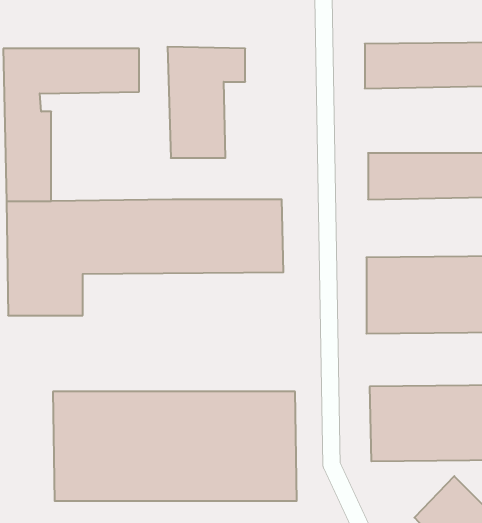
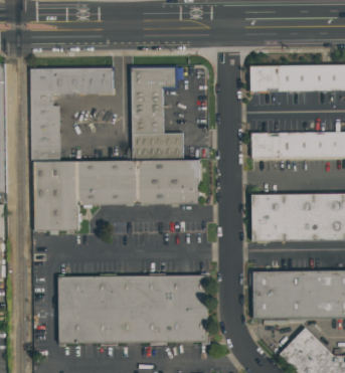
building: none -> [132,134,183,159]

